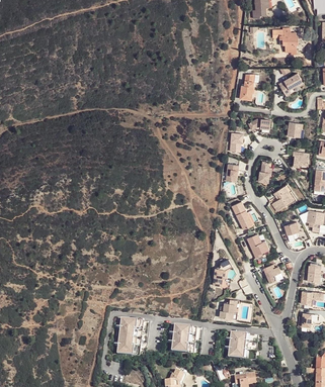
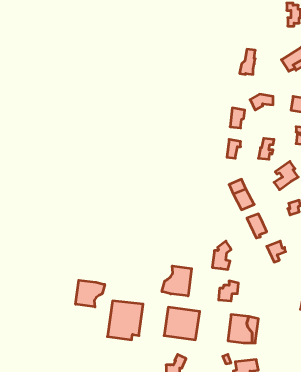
building: none -> [162,266,192,296]
building: none -> [76,280,105,307]

